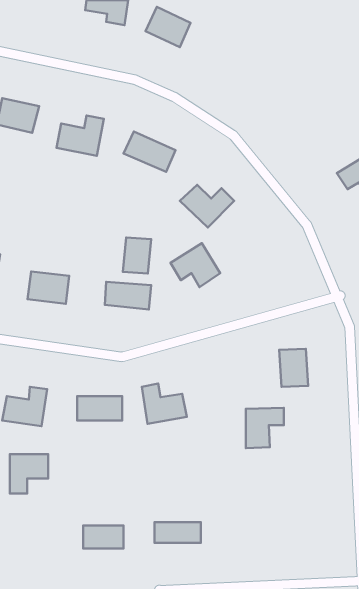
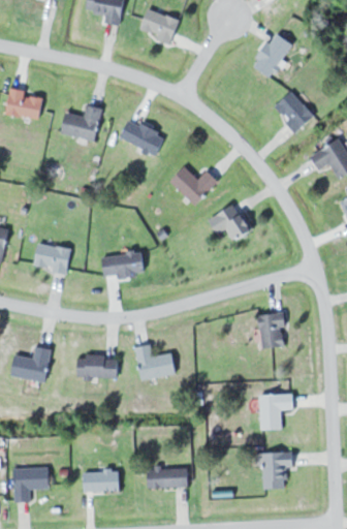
building: none -> [253,32,292,76]
building: none -> [273,91,314,131]
building: [123,237,151,274] -> none
building: [171,243,220,287] -> [208,203,252,242]
building: [246,408,284,448] -> [259,394,293,430]
building: [10,454,48,493] -> [14,467,49,502]
building: none -> [261,453,292,489]

